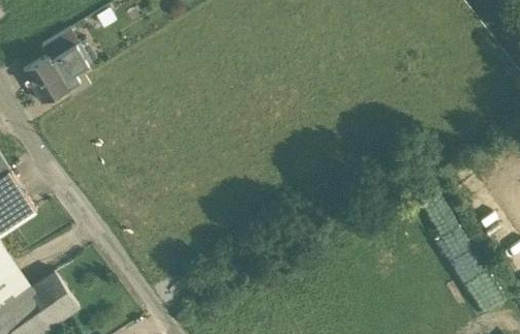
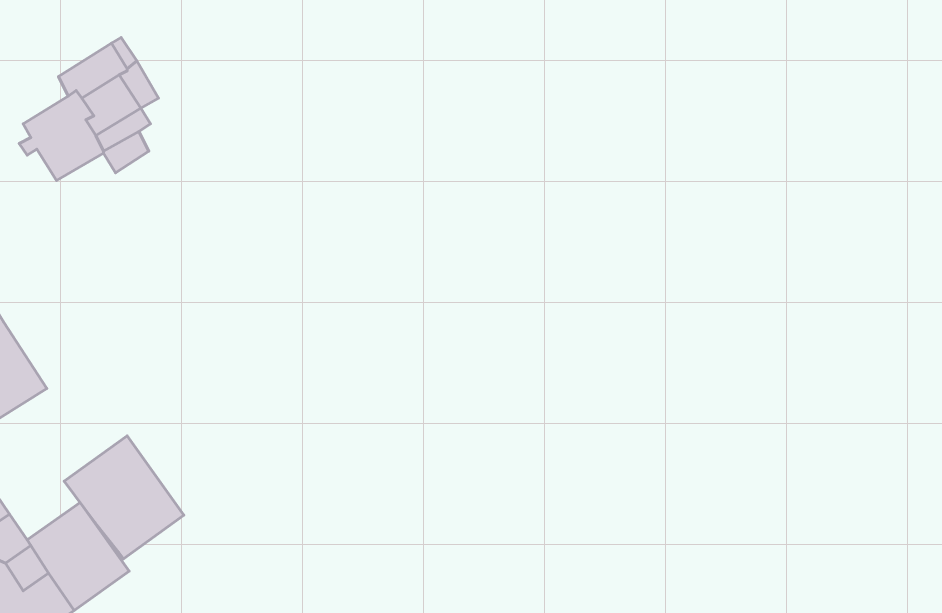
building: none -> [64,436,184,559]

